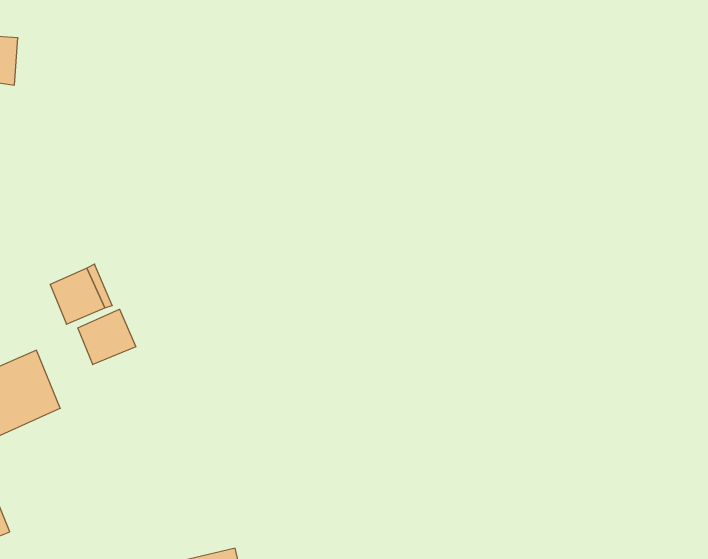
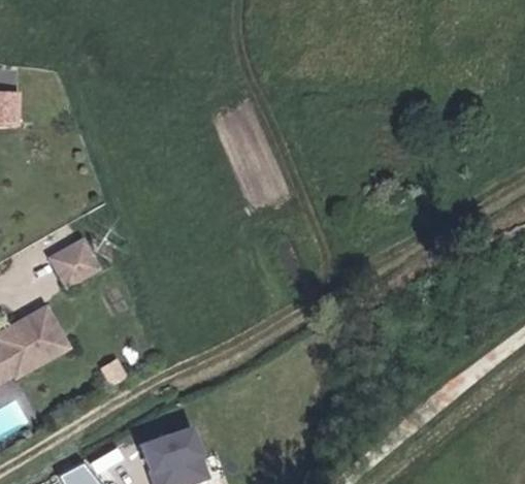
building: [78,309,136,365] -> none

